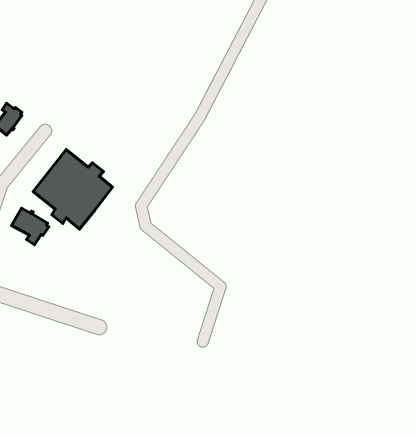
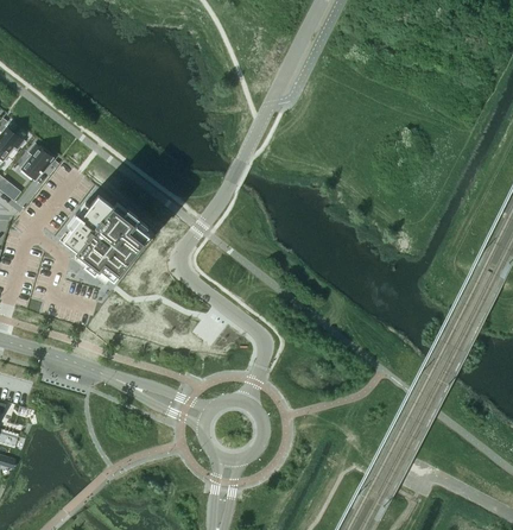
building: [11,208,49,245] -> none

